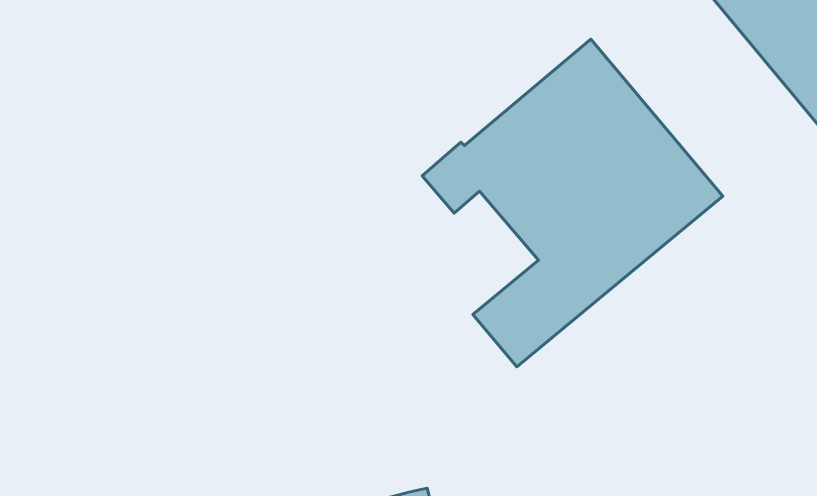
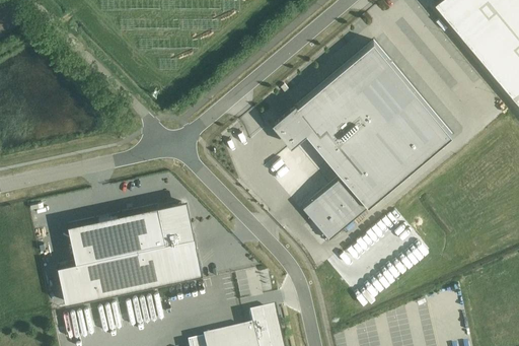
building: none -> [57,204,203,304]

